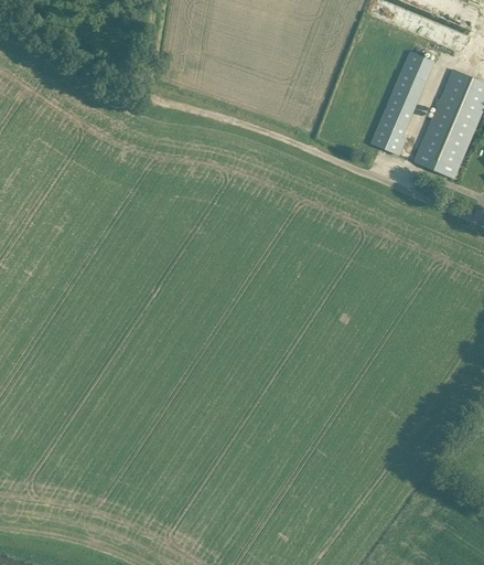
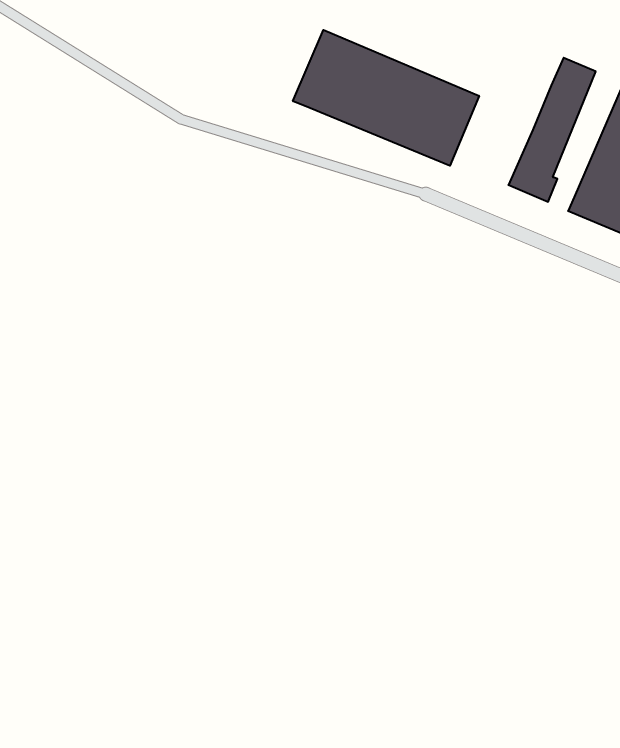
building: none -> [293,30,479,166]

